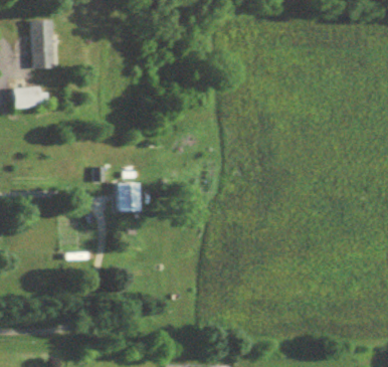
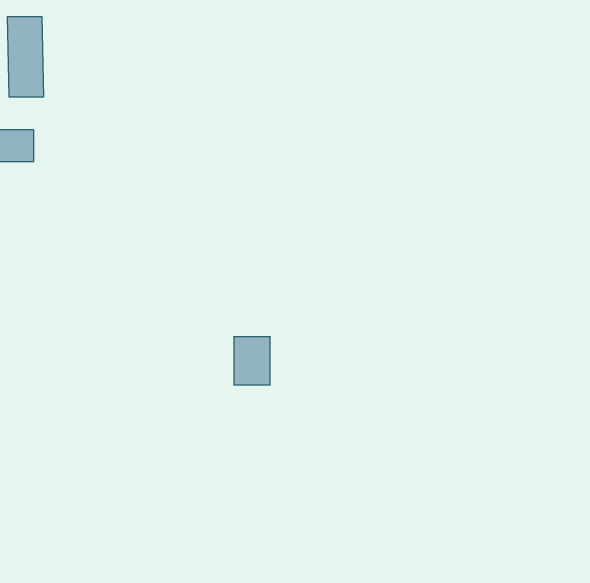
building: [118,182,140,211] -> [234,337,270,385]

